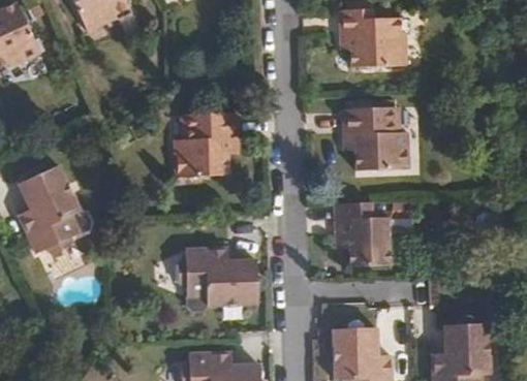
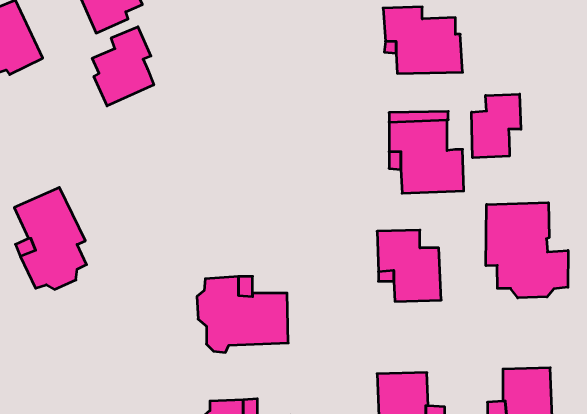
building: none -> [92,27,154,106]
building: none -> [472,94,521,158]
building: [174,112,240,182] -> none
building: none -> [486,203,568,298]

